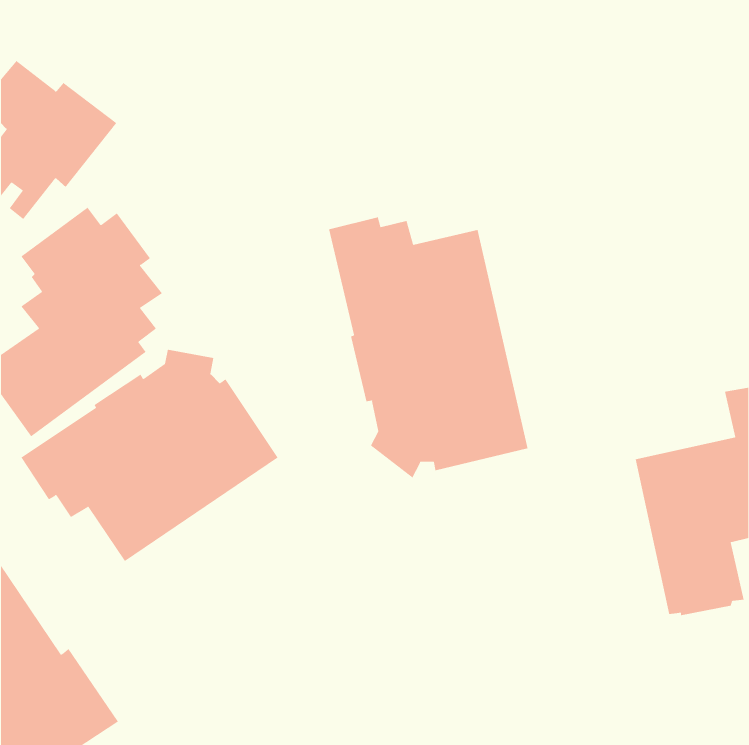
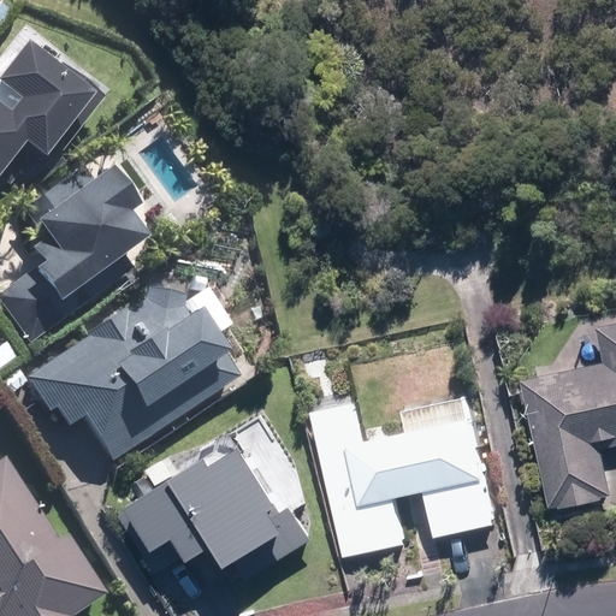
building: [329,216,528,479] -> none
building: none -> [309,402,492,557]
building: none -> [128,444,312,579]

